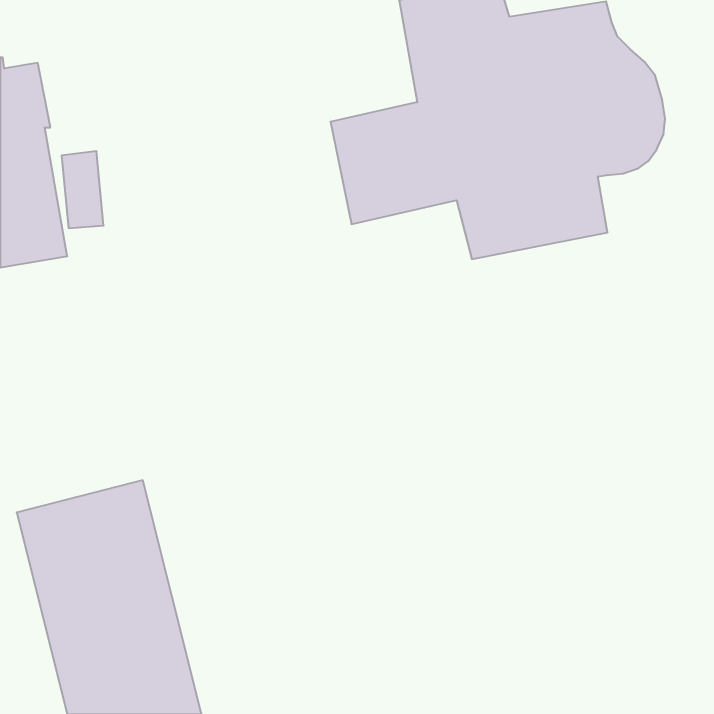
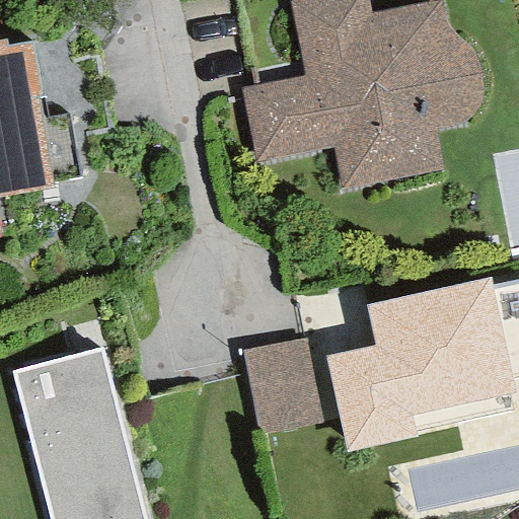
building: none -> [325,277,514,452]
building: none -> [244,339,323,433]

